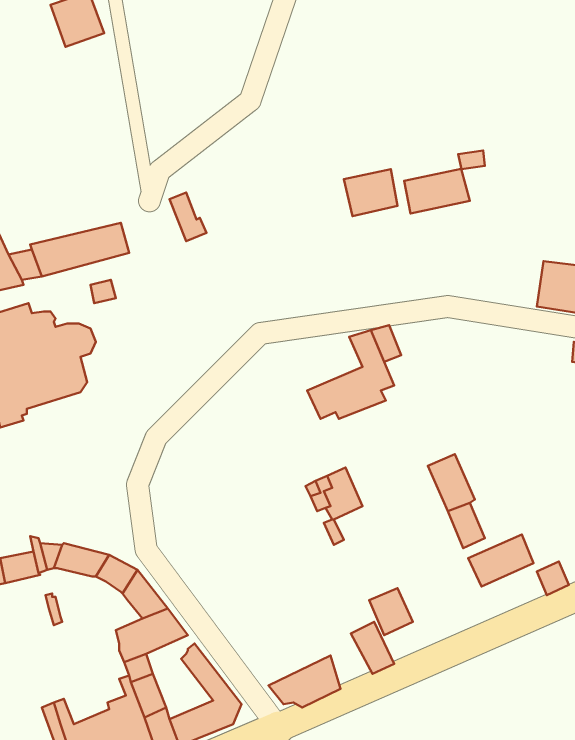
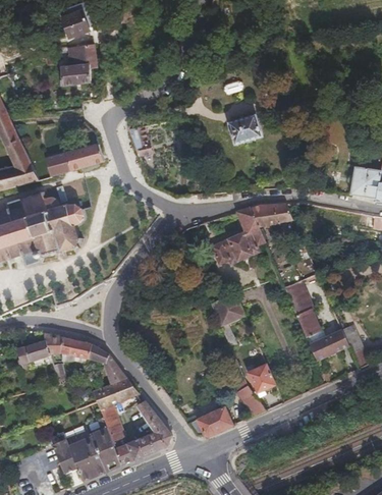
building: none -> [59,43,96,84]
building: [404,169,470,213] -> none
building: none -> [261,203,293,223]

